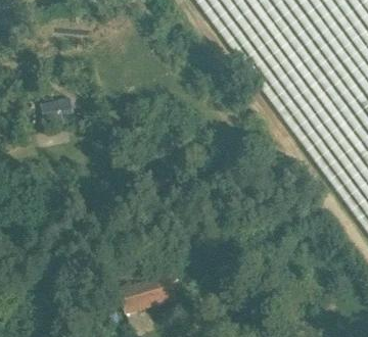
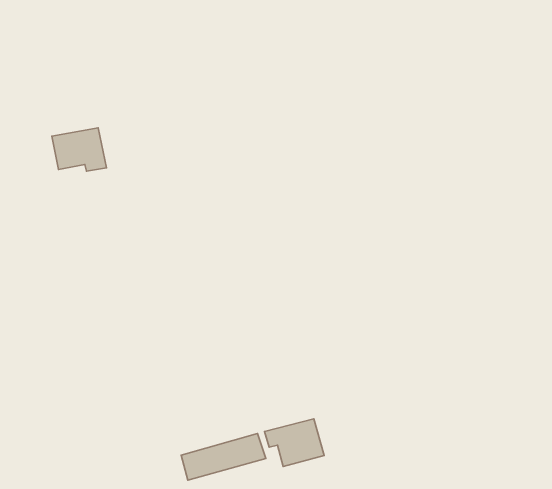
building: none -> [265,419,324,466]

